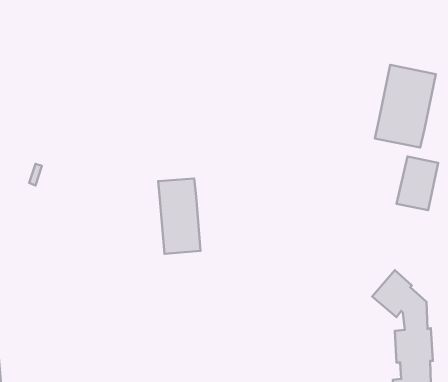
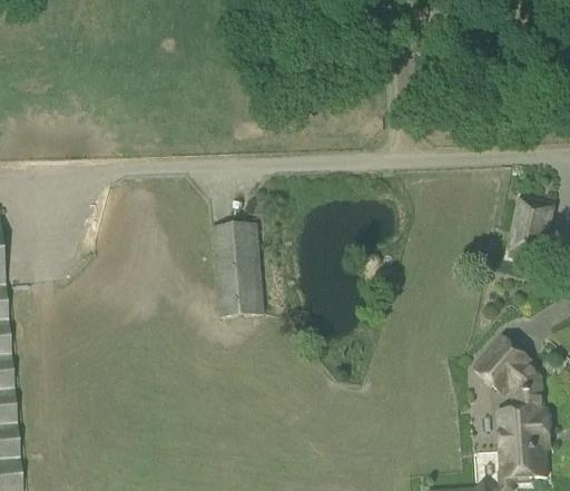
building: [375,65,436,148] -> none

